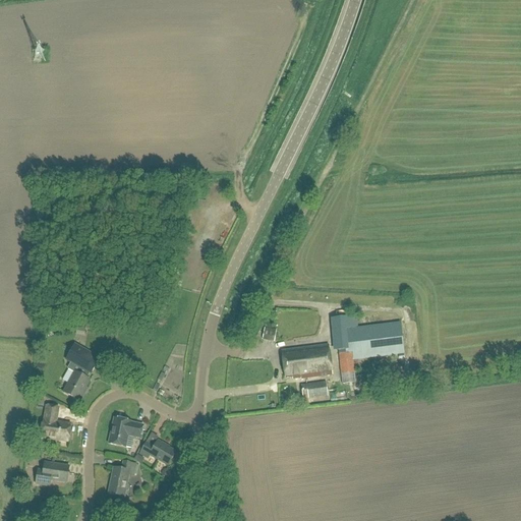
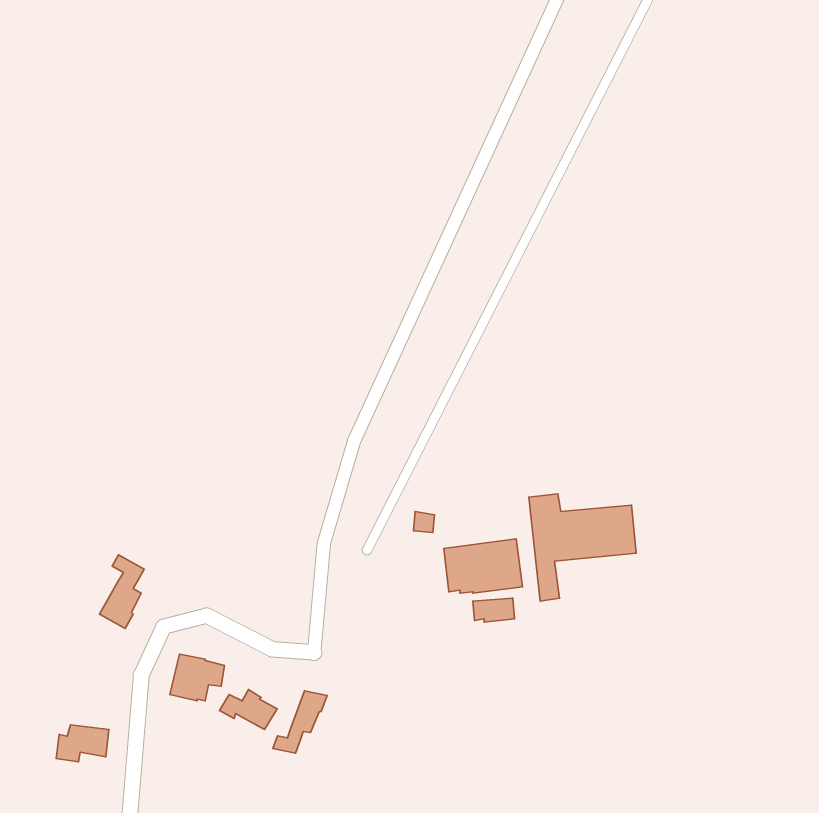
building: [40,403,70,439] -> none
building: none -> [273,691,327,753]
building: [108,459,136,495] -> none

